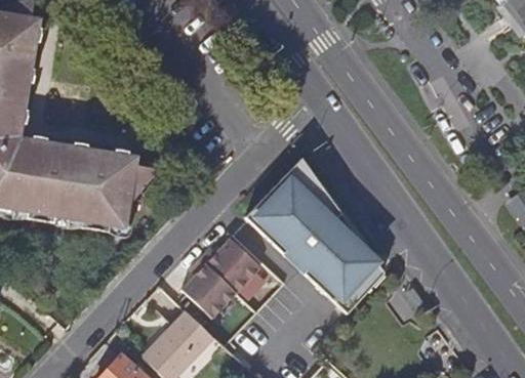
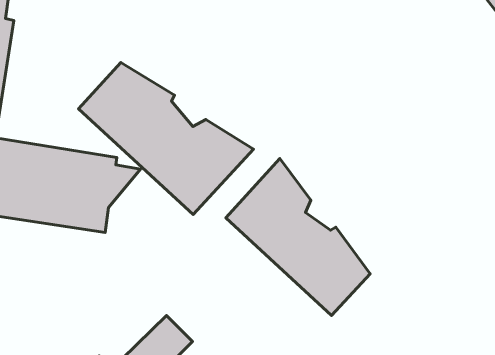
building: none -> [78,62,254,214]
building: [185,233,275,313] -> none

